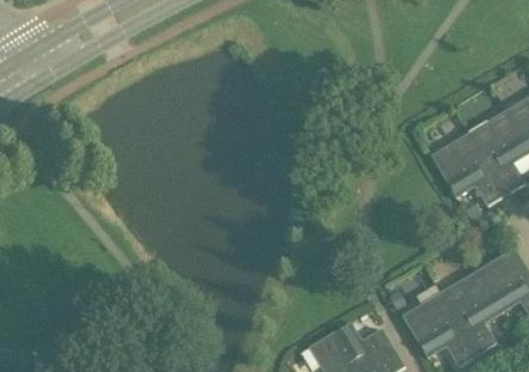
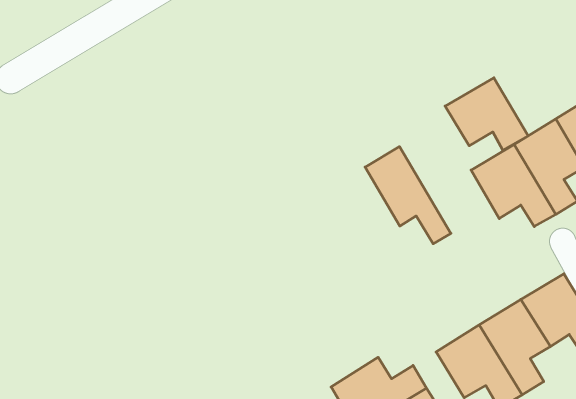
building: none -> [445,78,528,150]
building: none -> [365,147,451,244]

